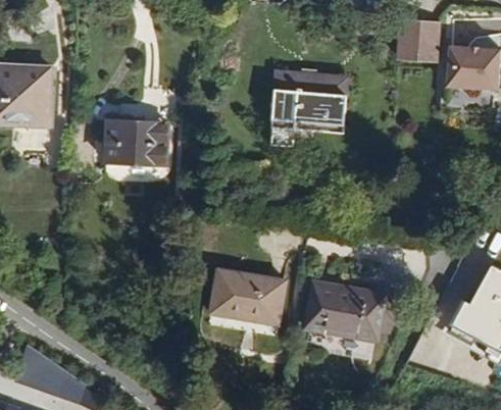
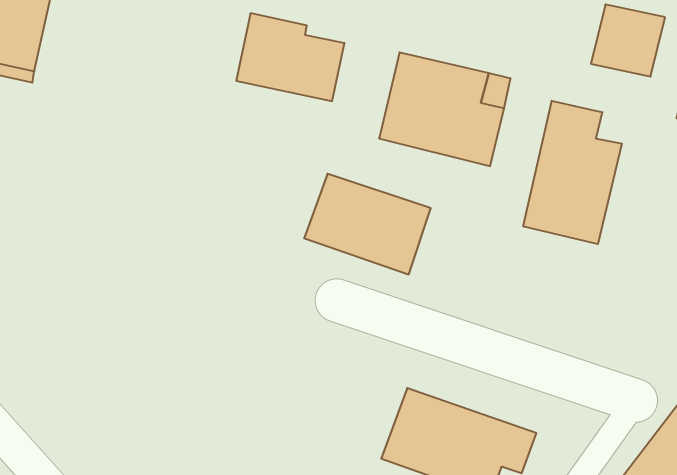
building: none -> [523,101,622,244]
building: [104,119,168,166] -> [236,13,345,101]
building: [210,269,287,324] -> [304,174,431,274]

